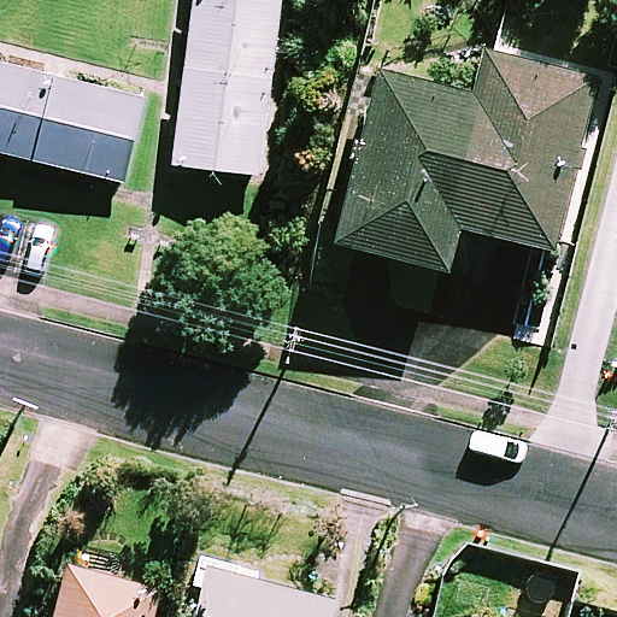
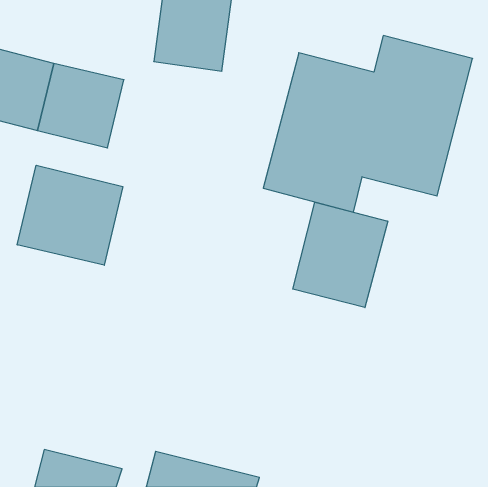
building: [182,77,278,178] -> none
building: none -> [17,165,123,265]
building: none -> [293,202,388,308]

